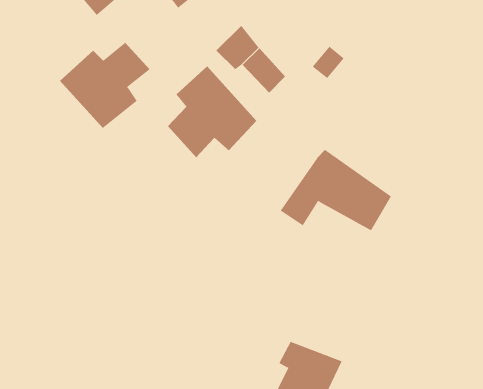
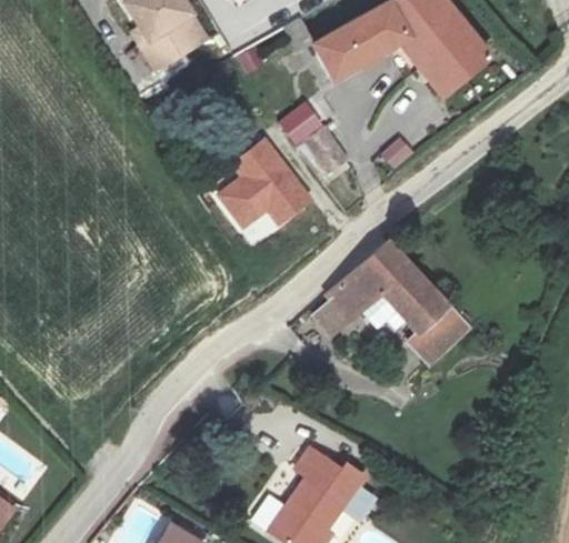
building: [59,42,150,129] -> none
building: none -> [409,305,458,362]

